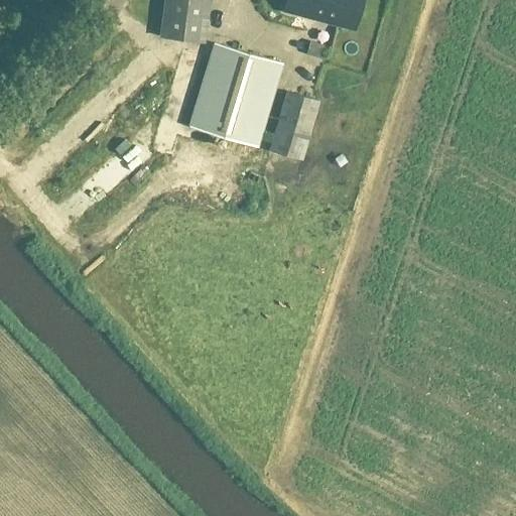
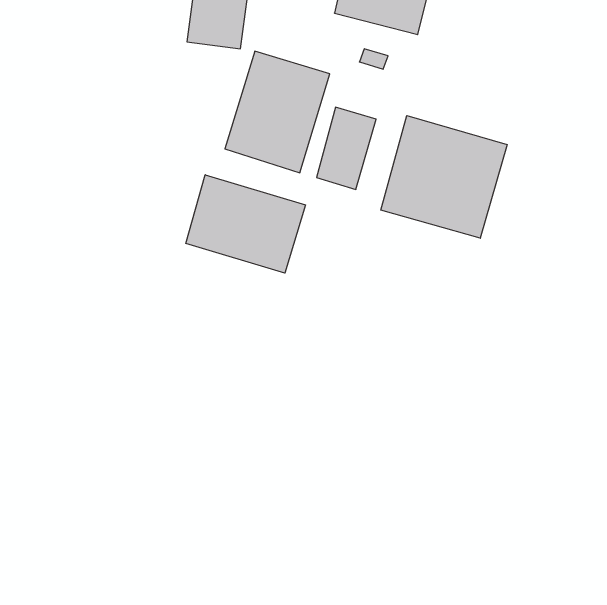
building: none -> [381,116,507,238]
building: none -> [186,175,305,273]

